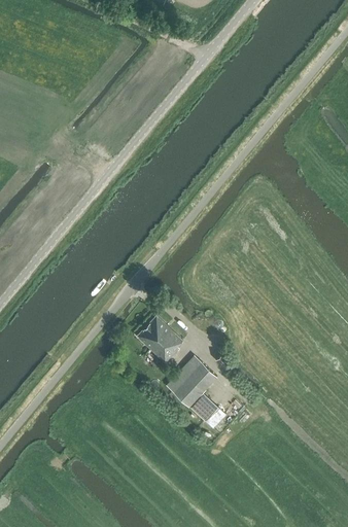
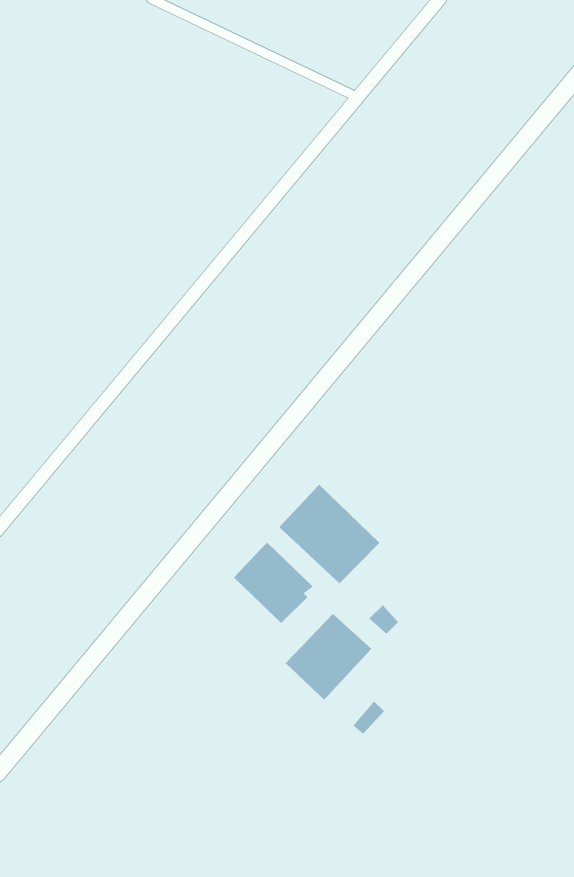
building: none -> [279,484,380,584]

